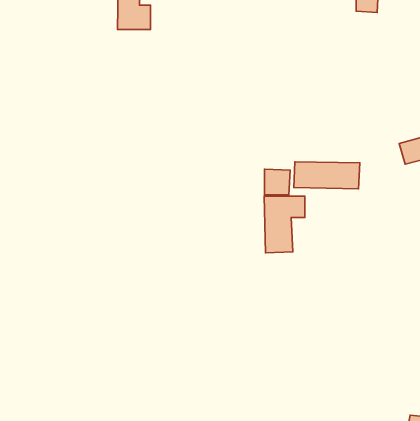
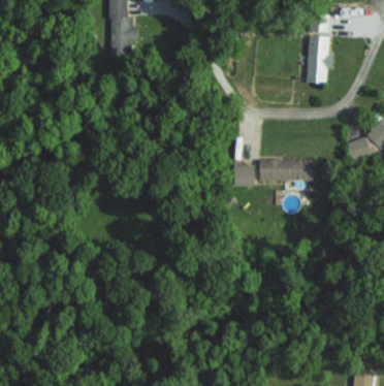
building: none -> [307,34,333,82]
building: [264,196,305,253] -> none

